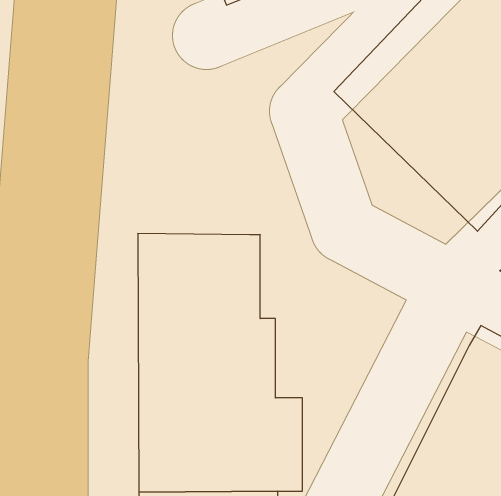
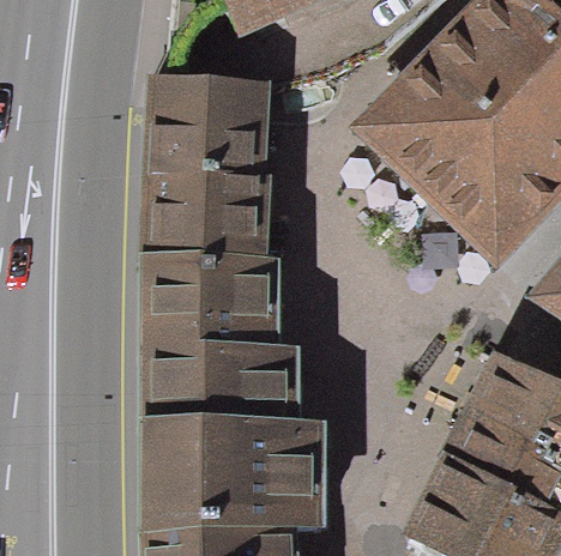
building: none -> [149,89,270,271]

